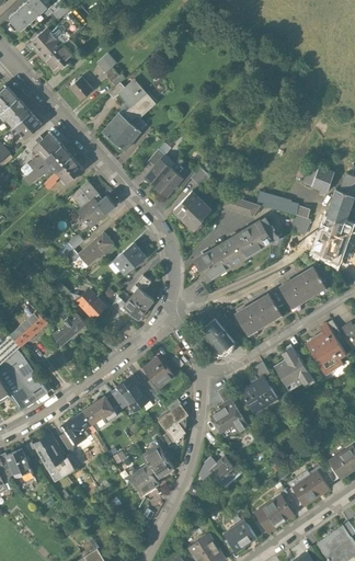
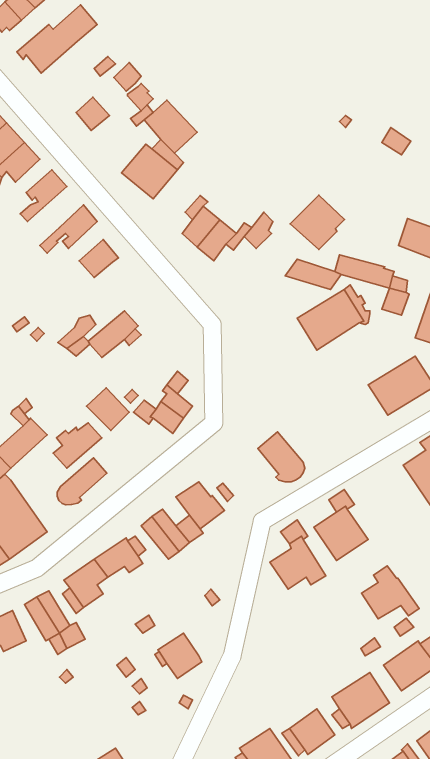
building: [44,36,79,72] -> none
building: [24,141,75,184] -> none
building: [174,188,214,228] -> [290,195,345,250]
building: [78,196,110,227] -> none
building: [195,237,243,280] -> none
building: [113,240,148,274] -> none
building: [236,290,284,334] -> none
building: none -> [57,458,107,505]
building: [274,345,316,383] -> [362,566,419,619]
building: [159,402,190,440] -> none
building: [141,445,174,481] -> none
building: [209,454,240,485] -> none

